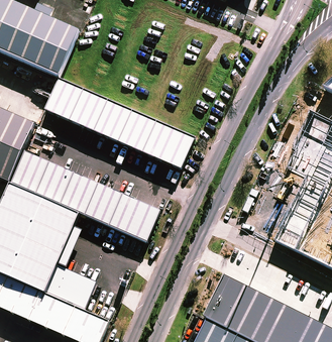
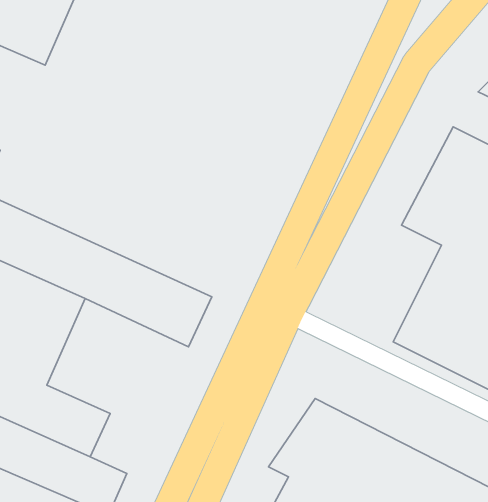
building: [45,81,194,170] -> none

